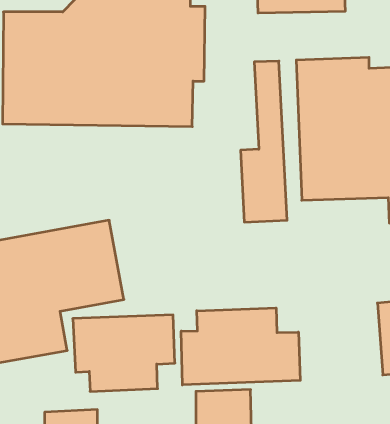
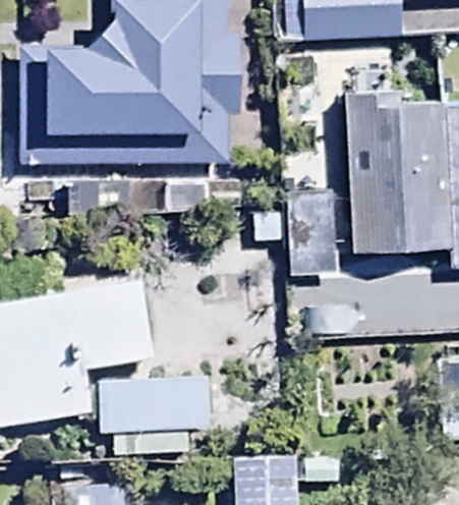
building: [181,308,300,385] -> none

